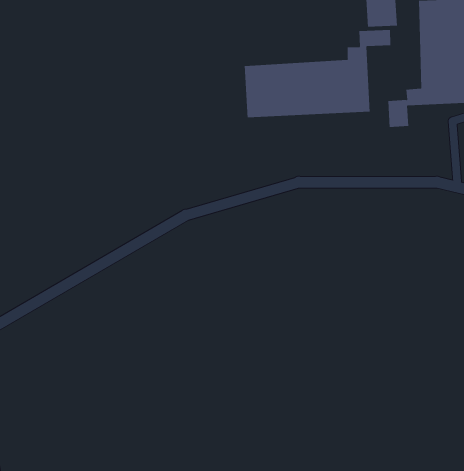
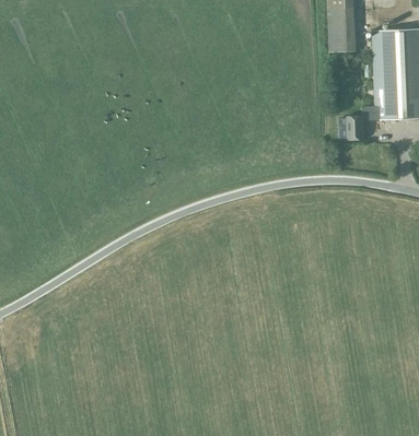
building: [244,29,391,118] -> none

